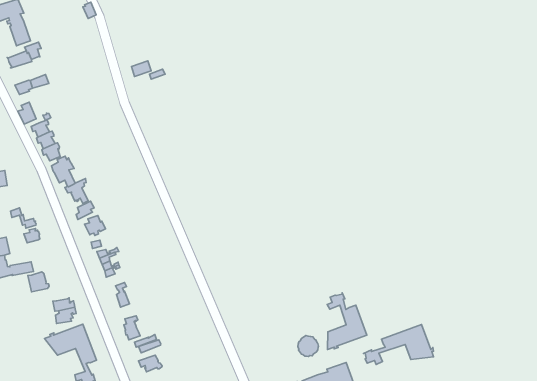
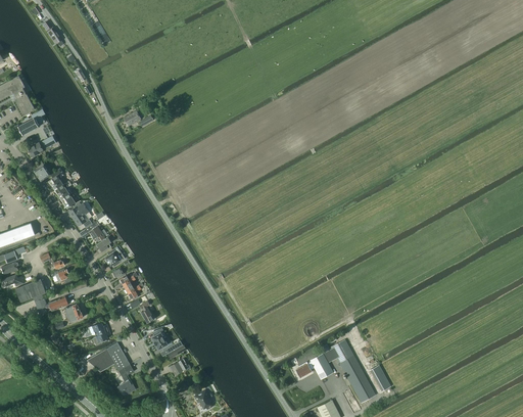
building: [327,293,367,350] -> none
building: [363,325,434,365] -> none

